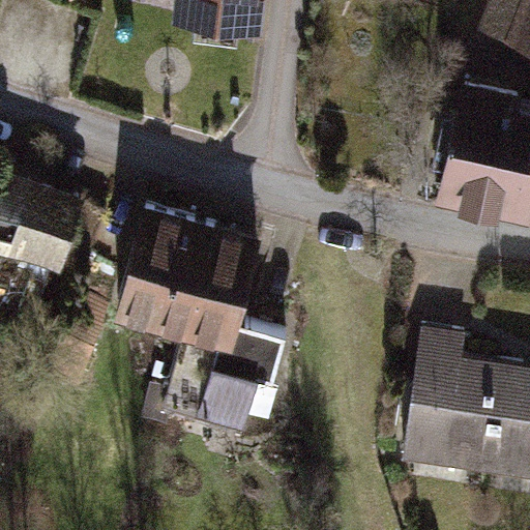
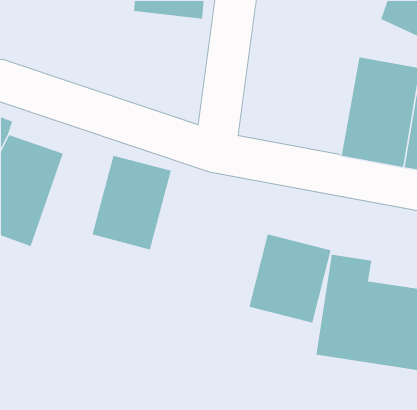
building: [173,226,287,424] -> none
building: none -> [248,234,332,323]

